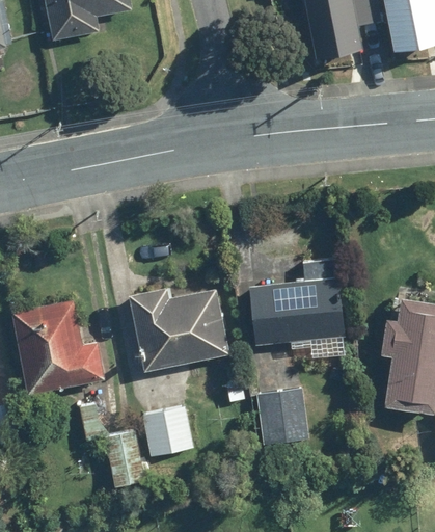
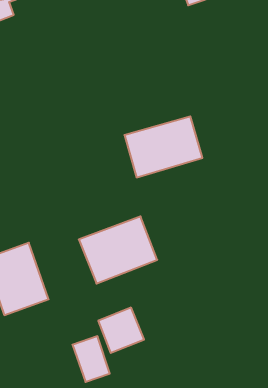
building: [252,278,343,342] -> [124,116,202,177]
building: [257,389,307,444] -> none

